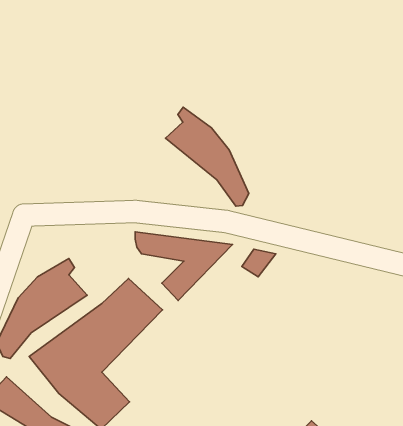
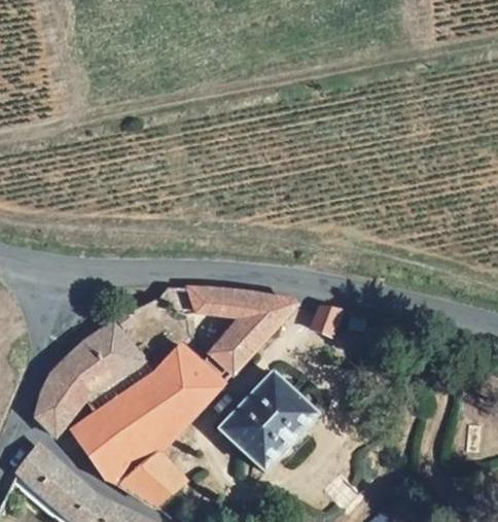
building: [165,107,249,206] -> none
building: none -> [219,373,318,471]

